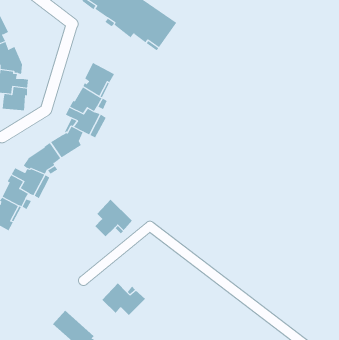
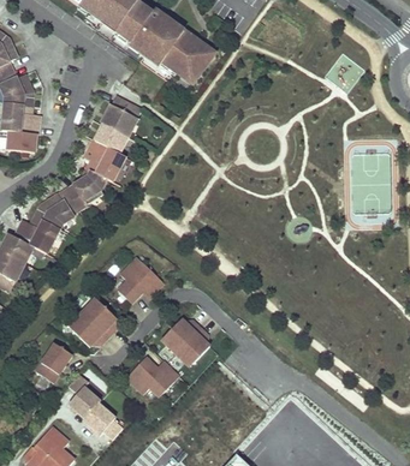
building: none -> [71,303,115,347]
building: none -> [164,319,208,363]
building: none -> [34,343,71,383]

